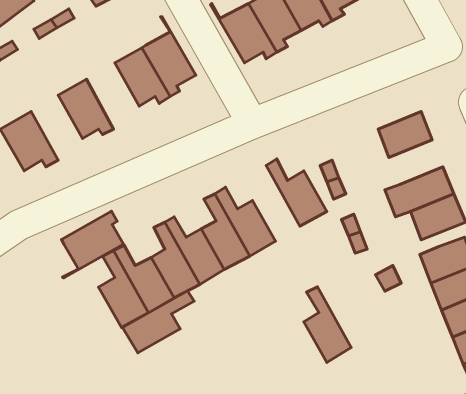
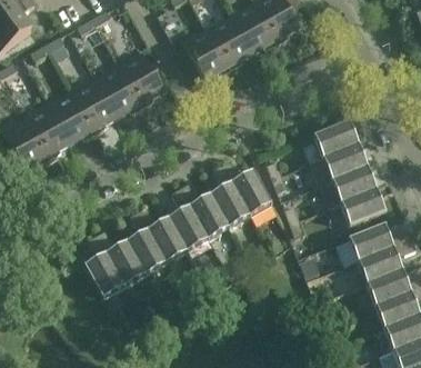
building: none -> [76,80,119,135]
building: none -> [30,107,72,160]
building: none -> [324,143,369,180]
building: [61,211,123,278] -> none
building: [304,287,351,362] -> [212,165,251,227]
building: [123,291,194,353] -> none

